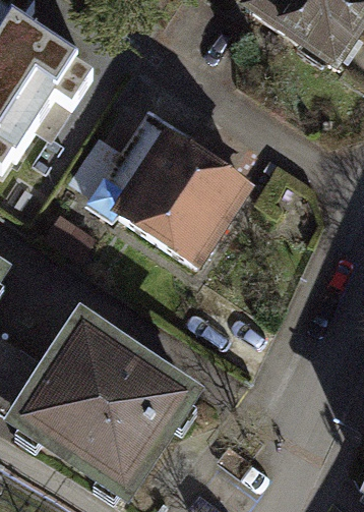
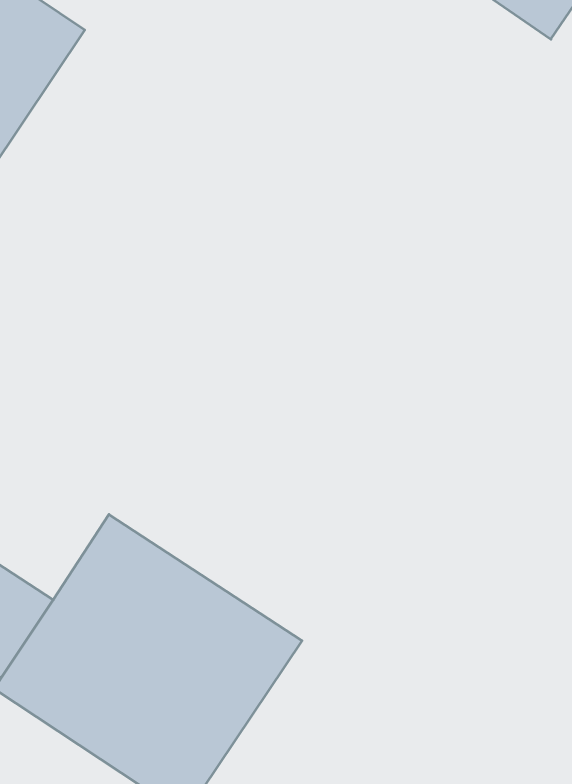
building: [121,129,248,258] -> none

